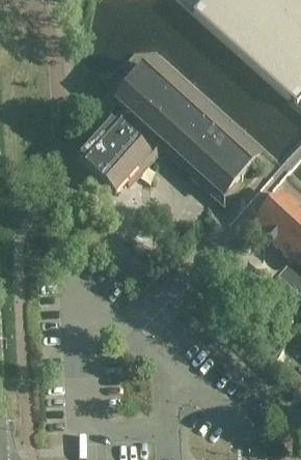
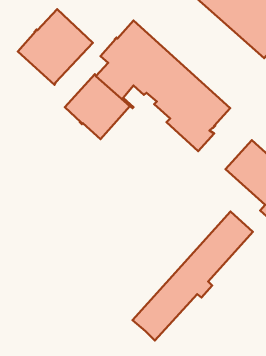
building: none -> [18,9,93,85]
building: none -> [132,212,253,341]

